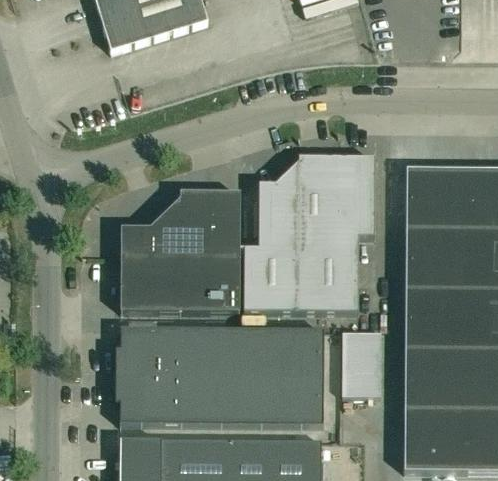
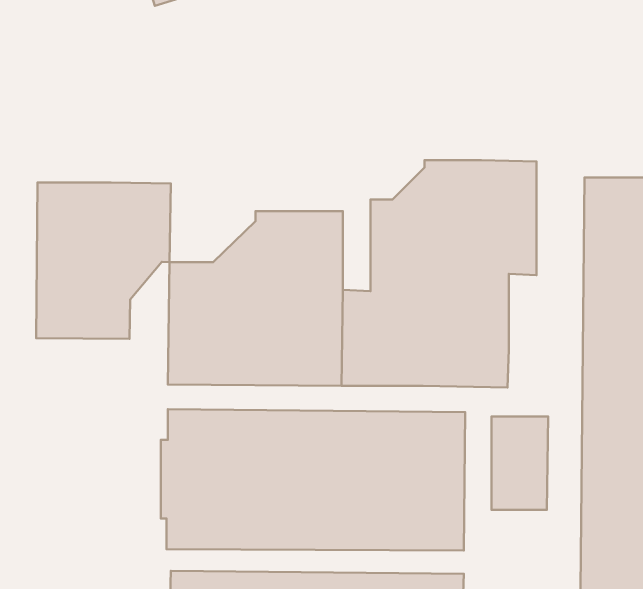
building: none -> [36,182,171,339]

